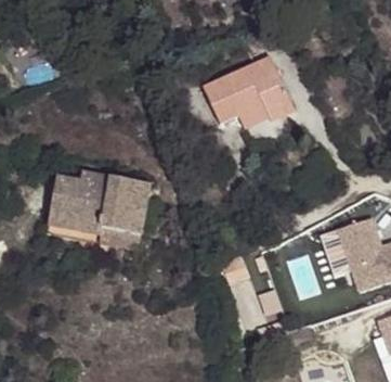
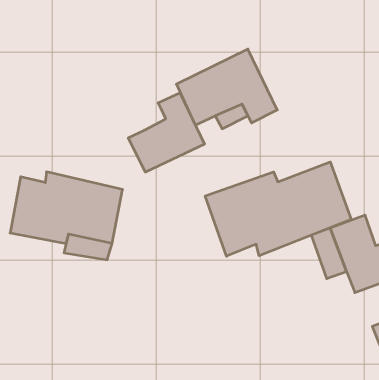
building: none -> [128,93,204,172]
building: none -> [205,162,351,256]

